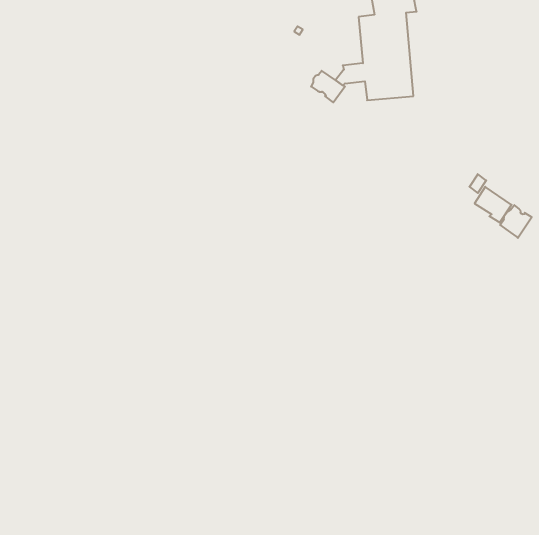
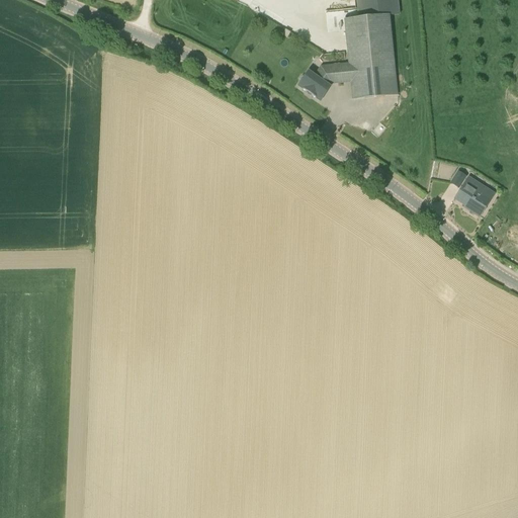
building: [500,205,532,238] -> none

